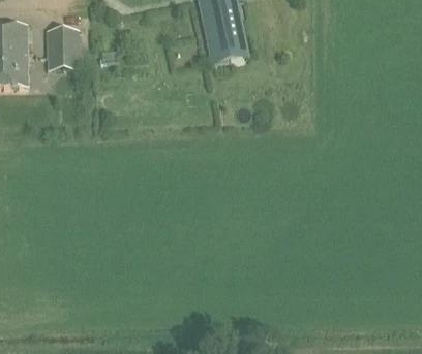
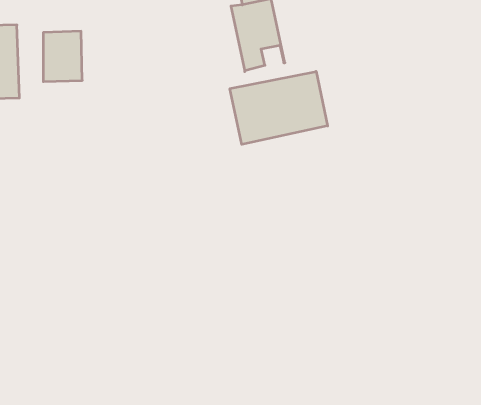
building: none -> [230,71,328,144]

